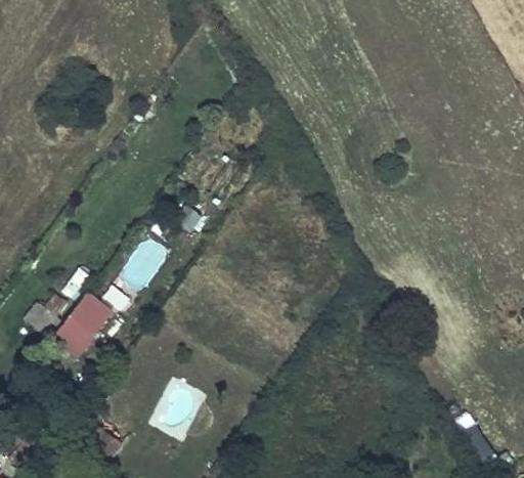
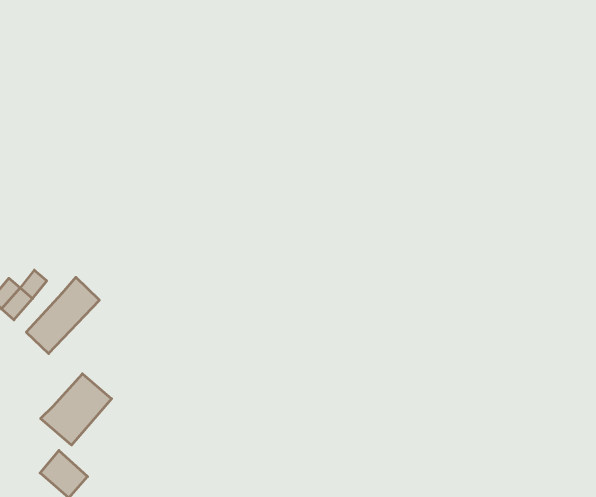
building: none -> [41,374,112,445]

